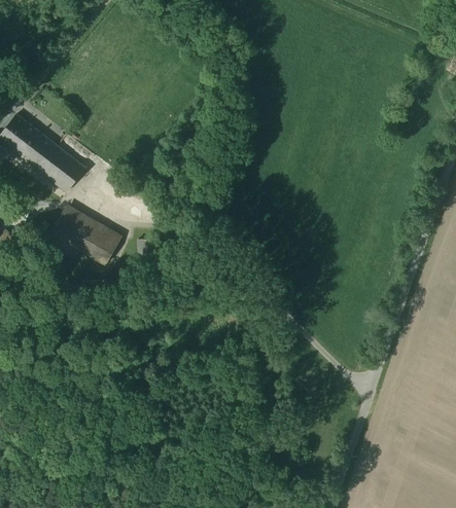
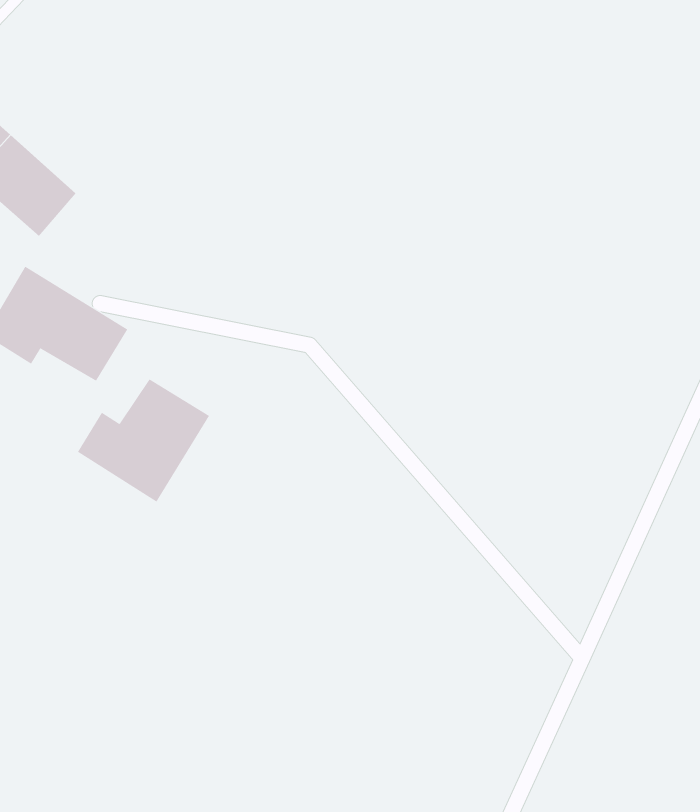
building: none -> [77,378,210,502]

